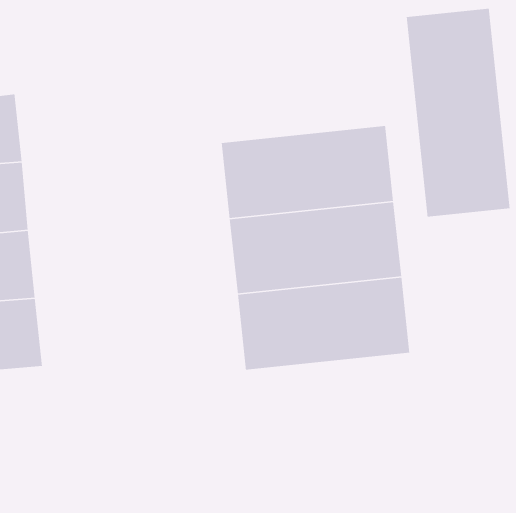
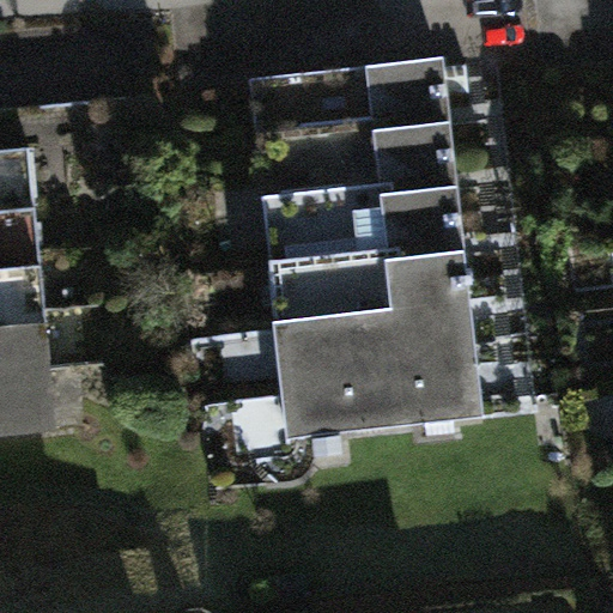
building: [406,8,511,218] -> none
building: none -> [251,59,454,168]

